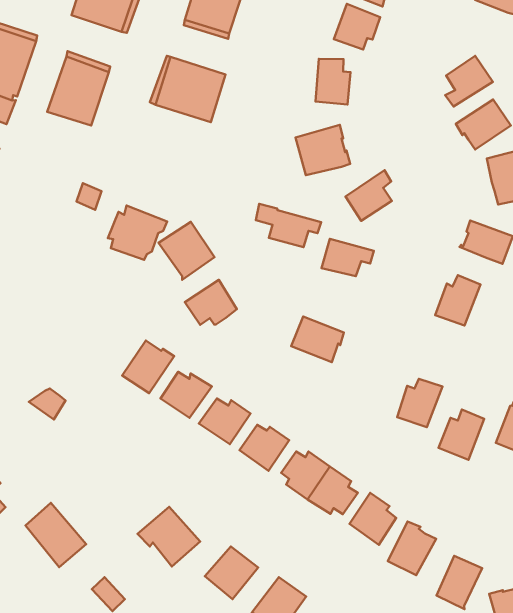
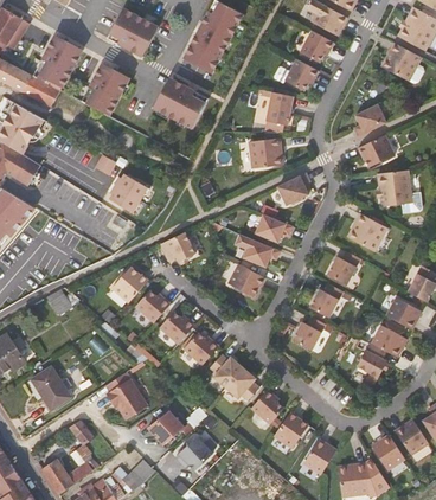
building: [256,204,321,247] -> [235,232,278,265]
building: [159,222,214,280] -> none
building: [439,409,484,460] -> [309,282,342,316]

